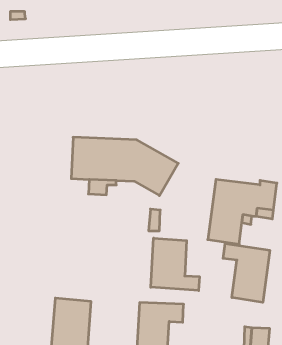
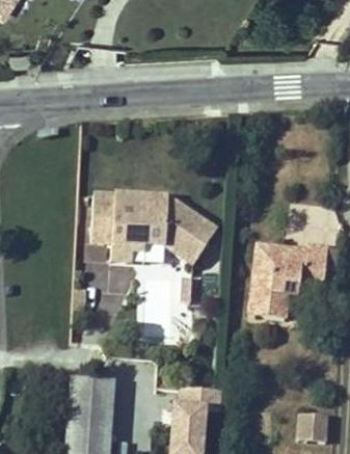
building: [151,238,199,291] -> none
building: [223,244,270,302] -> none

